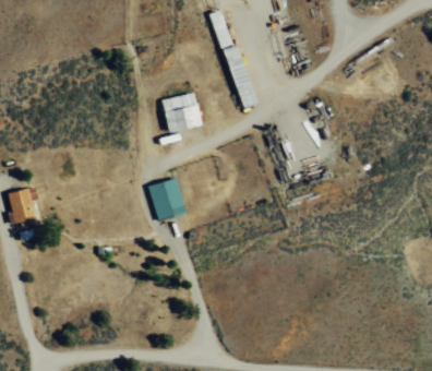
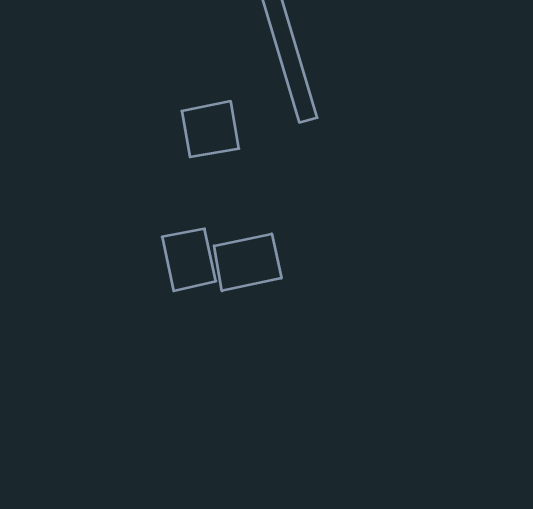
building: none -> [214,234,281,291]

